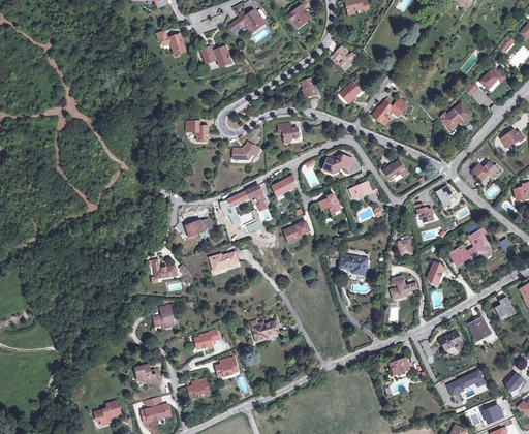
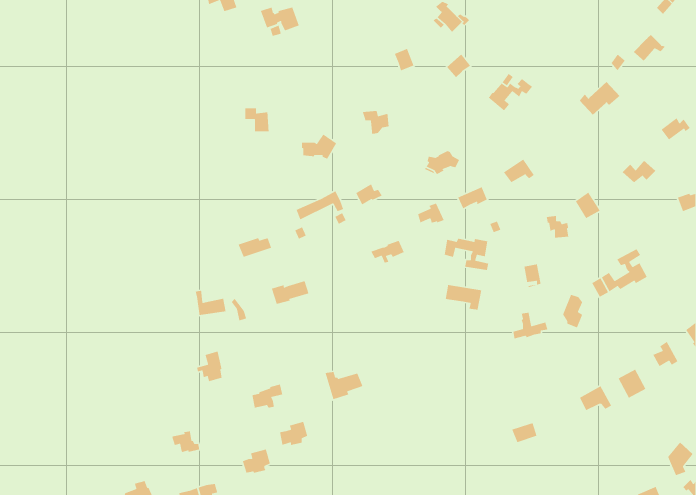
building: none -> [444,238,489,271]
building: [445,370,484,395] -> none

